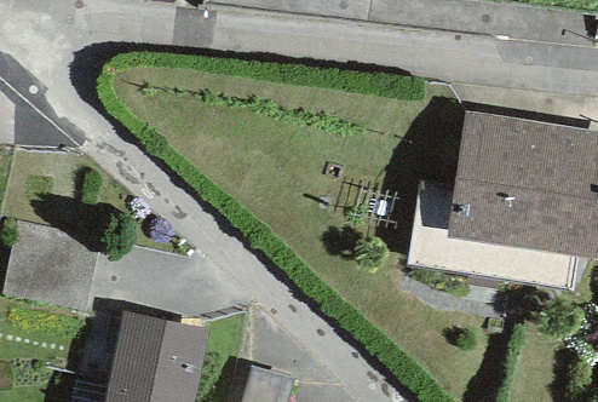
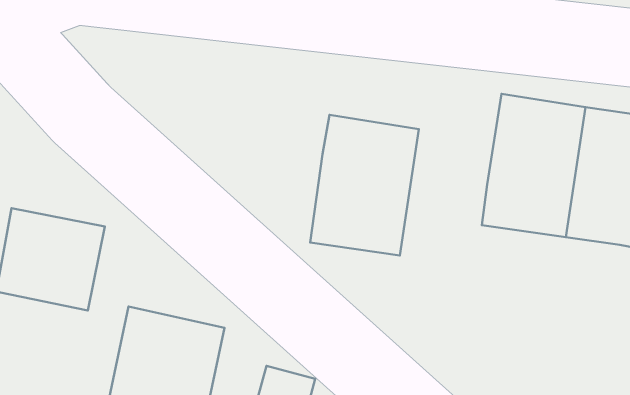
building: none -> [310,115,419,256]

